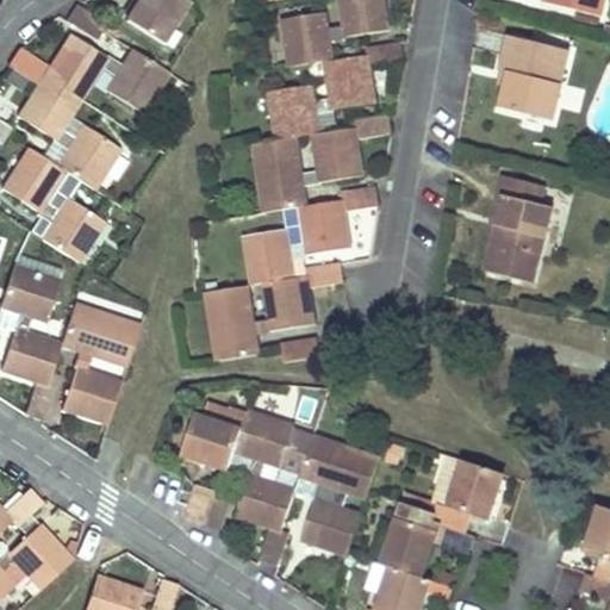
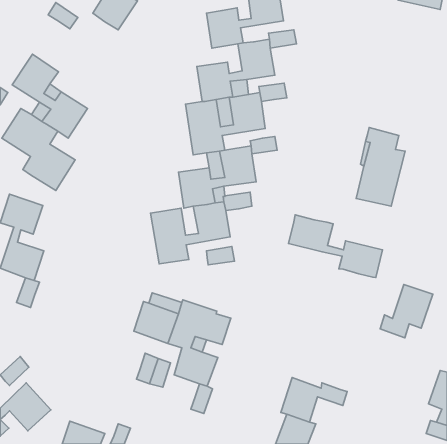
building: [7,32,167,111] -> none
building: [499,36,568,119] -> none
building: none -> [288,215,383,278]
building: [60,303,139,422] -> none
building: [300,434,380,553] -> none
building: [431,459,503,531] -> [380,284,433,338]

